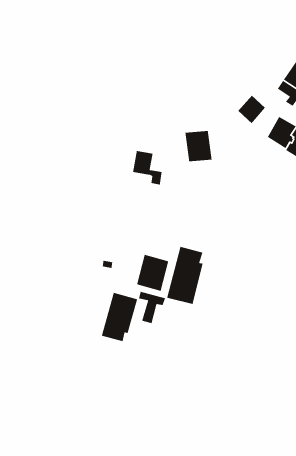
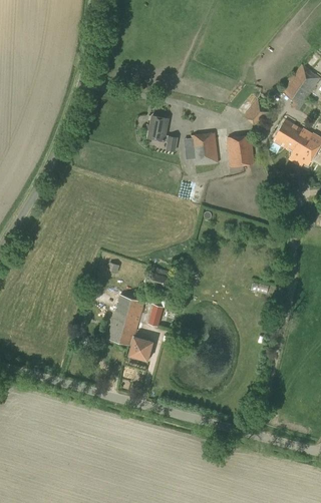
building: none -> [227,134,254,167]
building: [132,150,162,185] -> [147,116,178,151]
building: [166,246,203,305] -> none
building: none -> [129,336,153,361]

